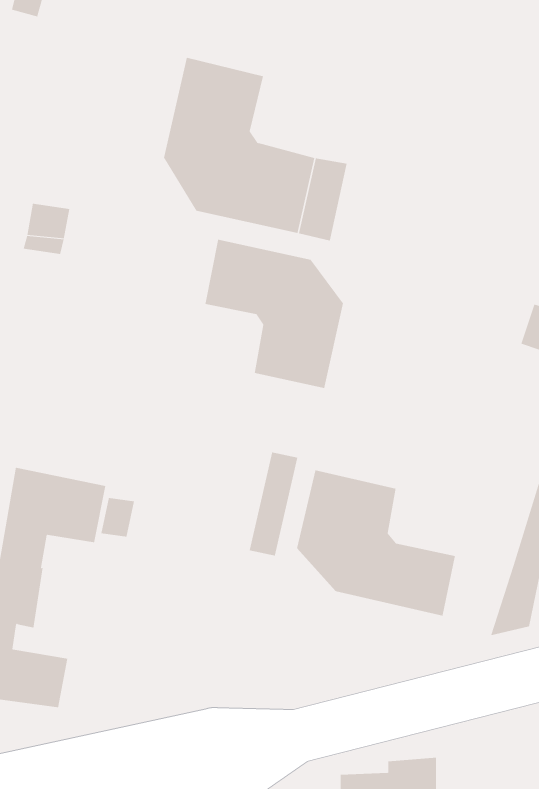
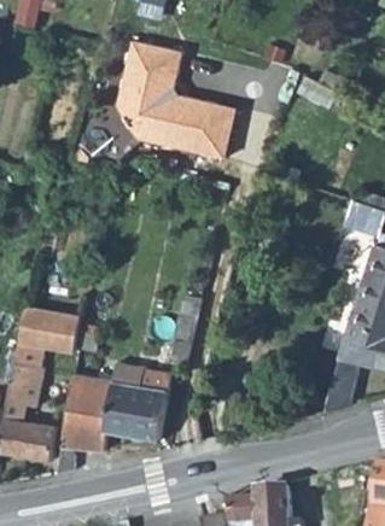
building: [205,239,344,389] -> none
building: [297,469,455,616] -> none
building: none -> [56,363,169,473]

